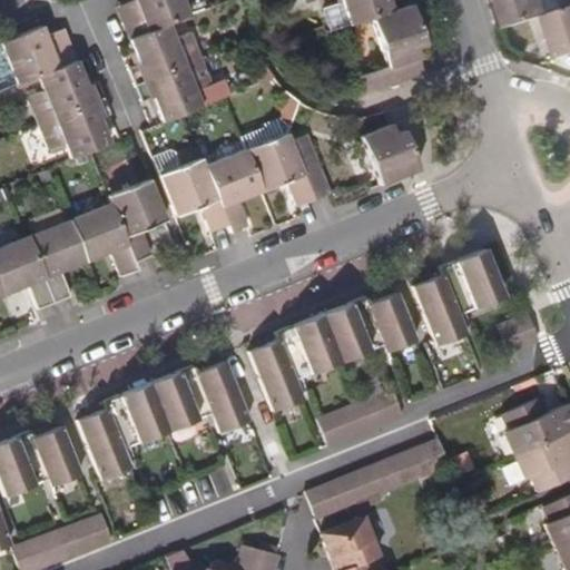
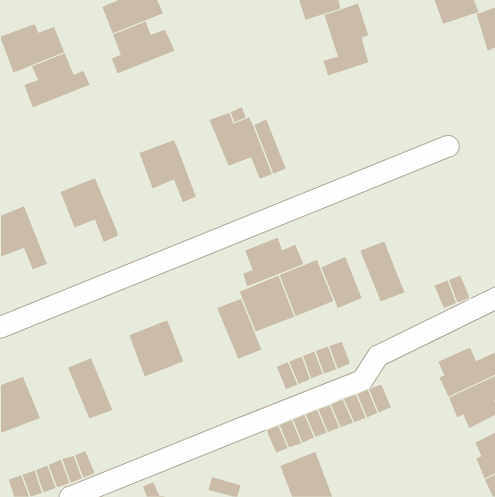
building: [137,58,214,121] -> none
building: [40,97,112,158] -> none
building: [361,126,421,186] -> none
building: [206,150,264,232] -> none
building: [110,179,168,262] -> none
building: [31,219,88,302] -> none
building: [440,249,503,315] -> none
building: none -> [242,237,304,287]
building: [198,362,250,432] -> none
building: [105,383,168,449] -> none
building: [33,425,83,487] -> none

